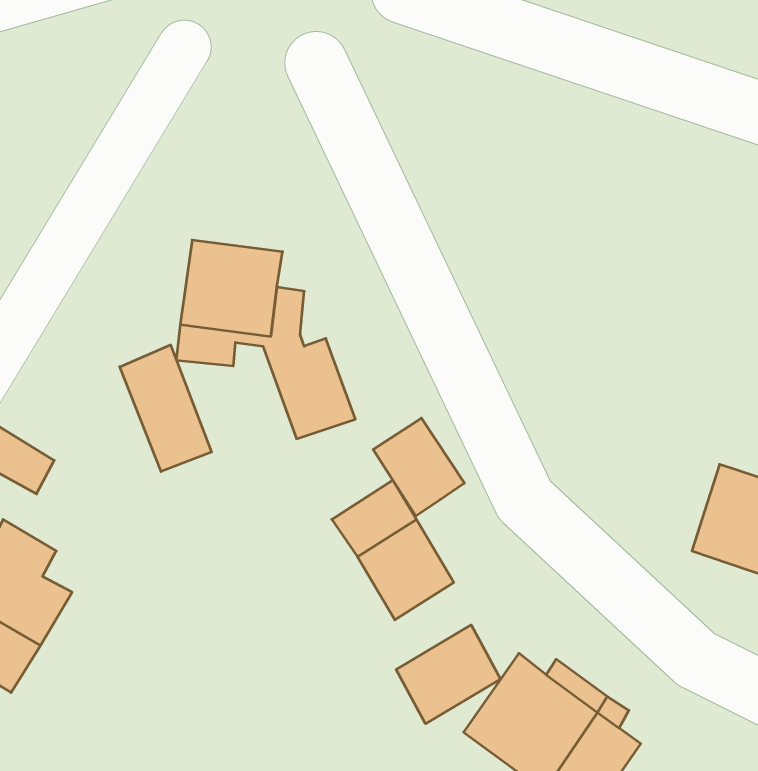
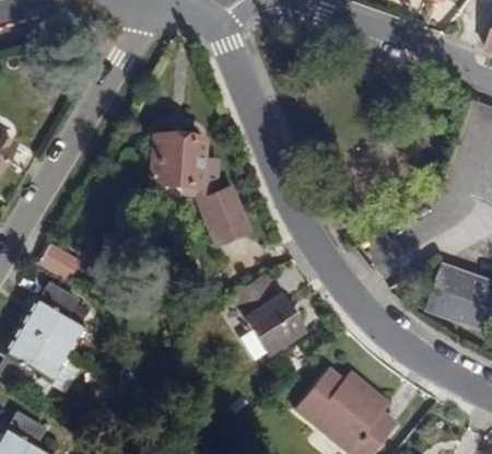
building: [120,345,212,472] -> none
building: [373,418,464,516] -> none
building: [396,625,501,724] -> none

